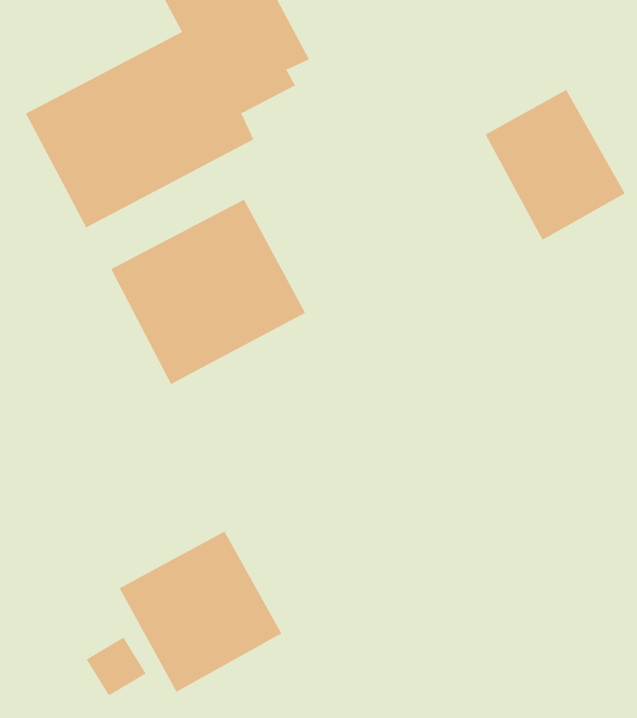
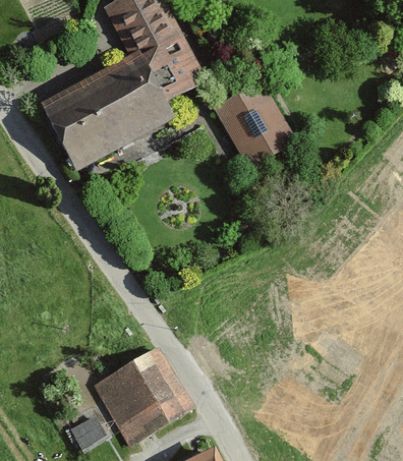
building: [485,89,626,240] -> [215,81,297,170]
building: [110,199,306,385] -> none

